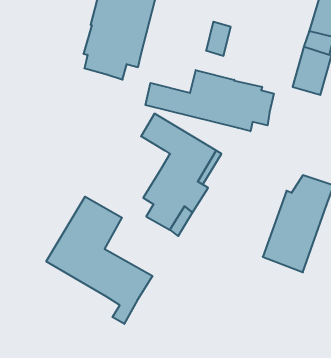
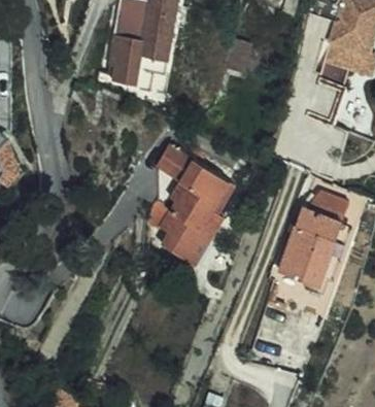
building: [145,70,274,131] -> none
building: [46,197,152,324] -> none

